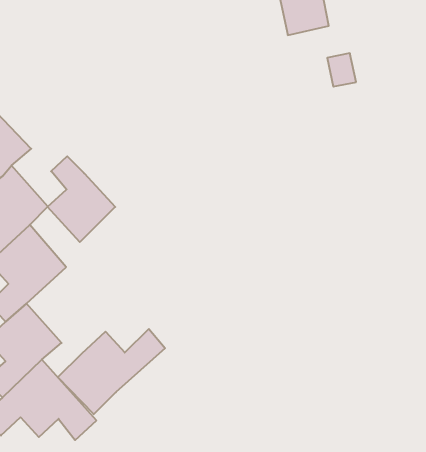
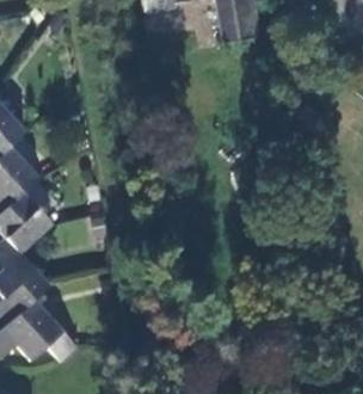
building: [47,156,115,242] -> none
building: [58,329,165,414] -> none

